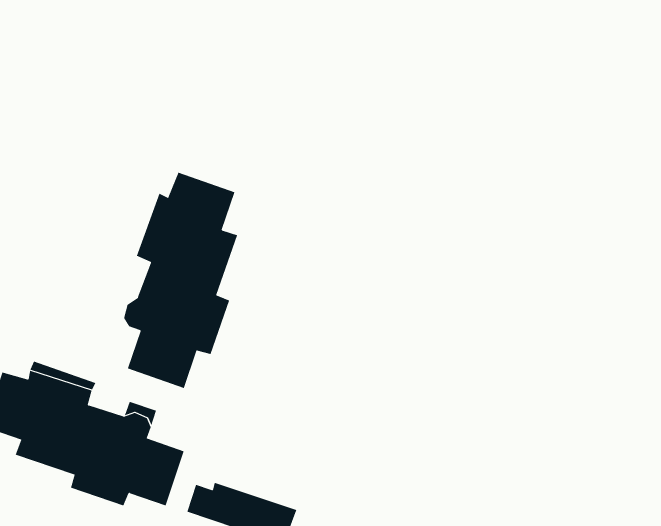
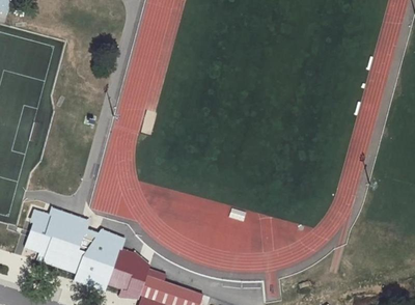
building: [124,172,238,389] -> none

